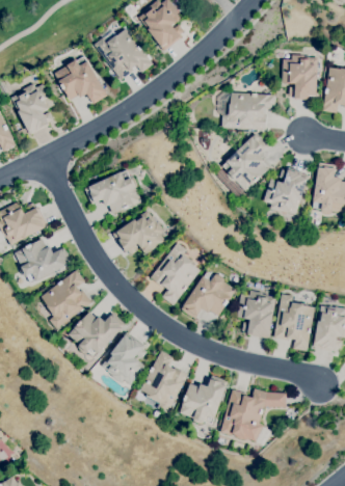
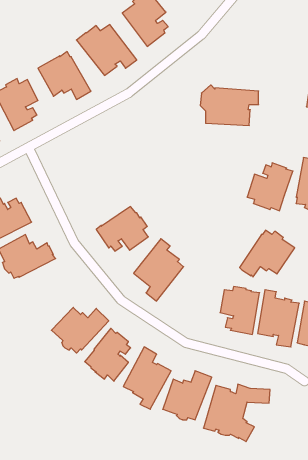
building: [283,55,319,100] -> none
building: [223,134,269,192] -> none
building: [85,170,142,214] -> none
building: [42,270,92,329] -> none
building: [182,272,237,319] -> [240,230,295,277]

